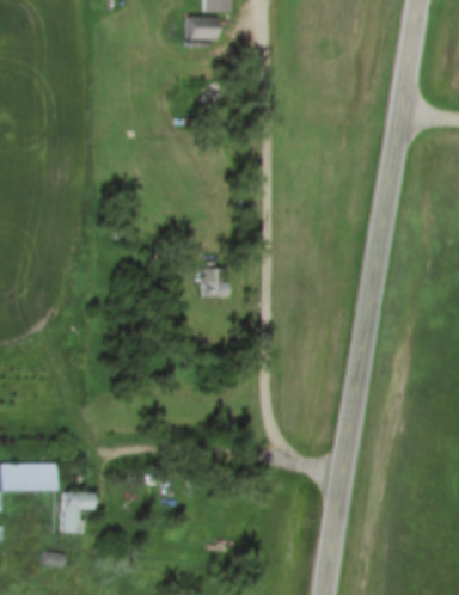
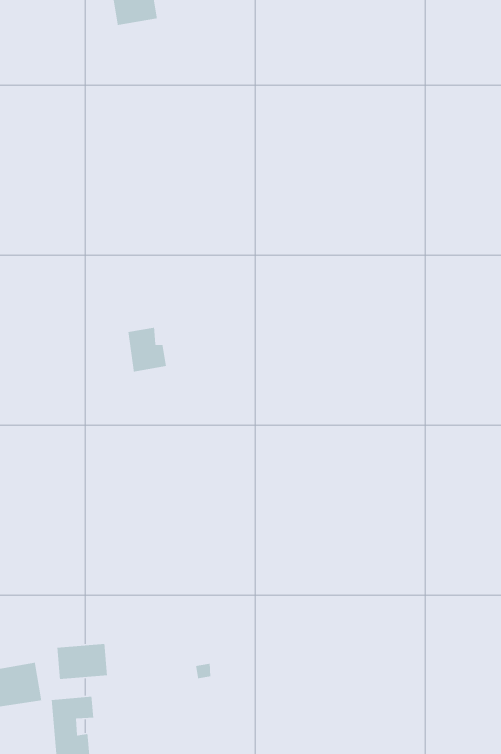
building: [203,268,227,296] -> [128,327,167,373]
building: none -> [57,643,108,680]

